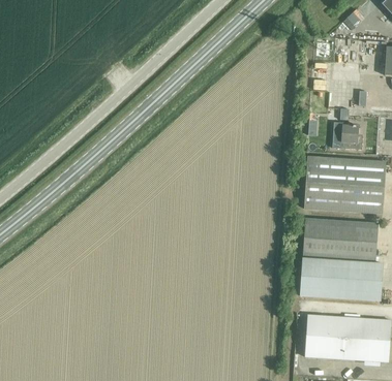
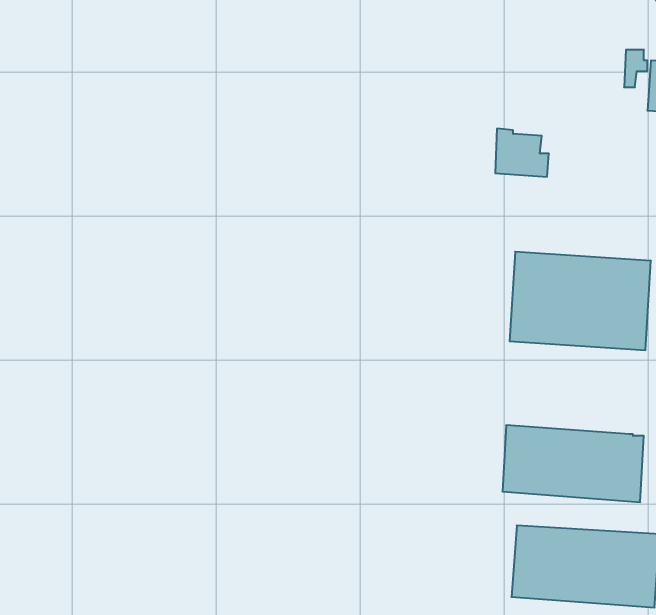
building: [332,121,363,149] -> [495,129,549,177]
building: [302,218,378,261] -> none

